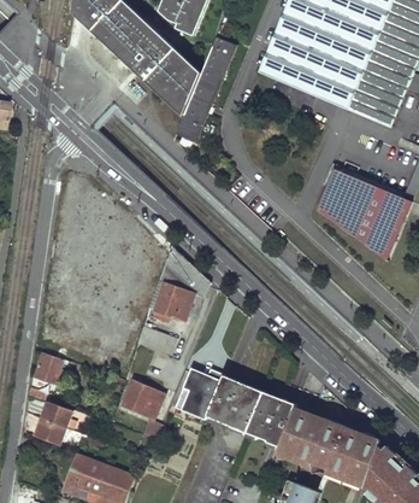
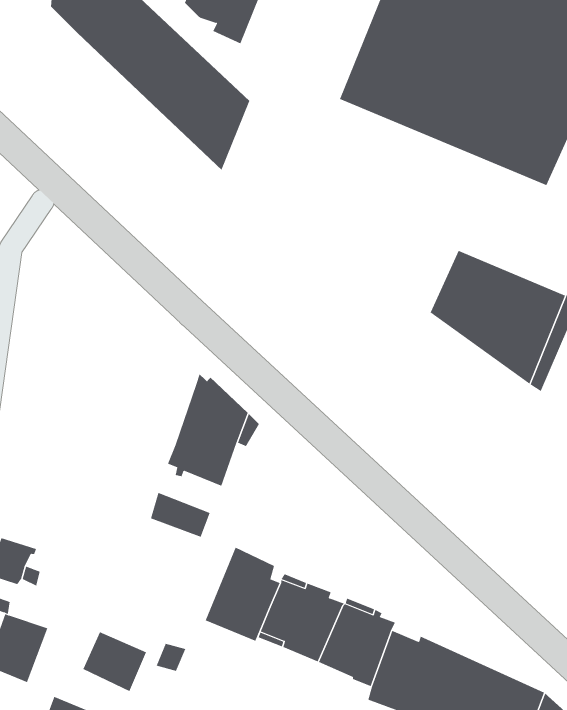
building: [177,37,235,141] -> none
building: [122,380,163,419] -> [83,631,147,692]

